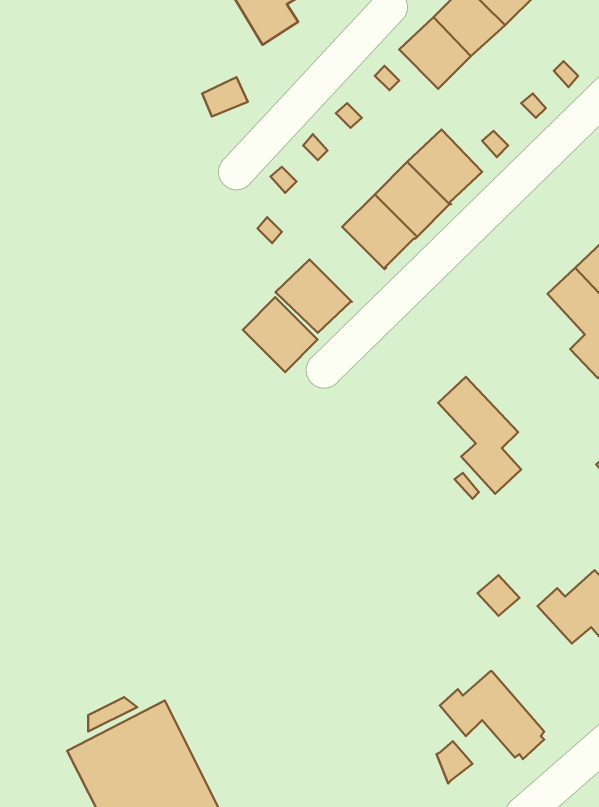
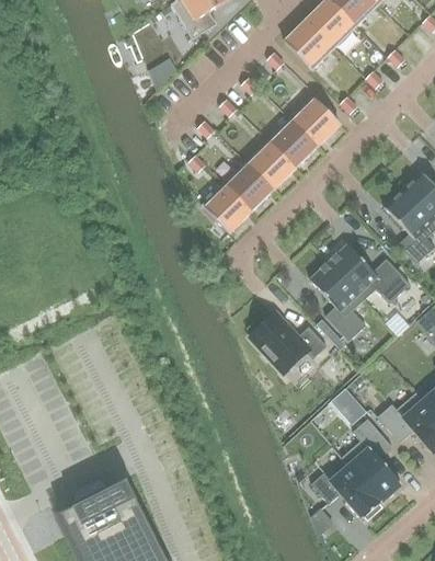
building: [243,297,318,372] -> [224,161,274,211]
building: none -> [329,244,408,305]
building: none -> [250,311,327,371]
building: none -> [342,419,401,501]

